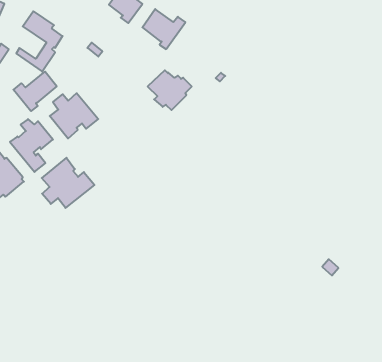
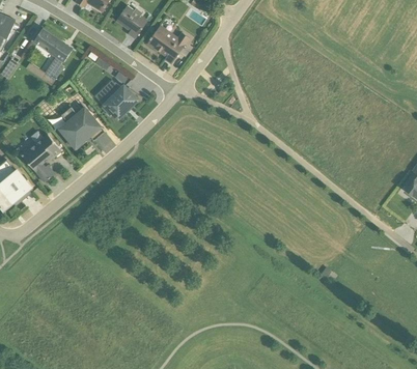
building: [148,70,192,110] -> [94,80,137,118]
building: [13,72,57,111] -> none
building: [42,158,94,208] -> none

